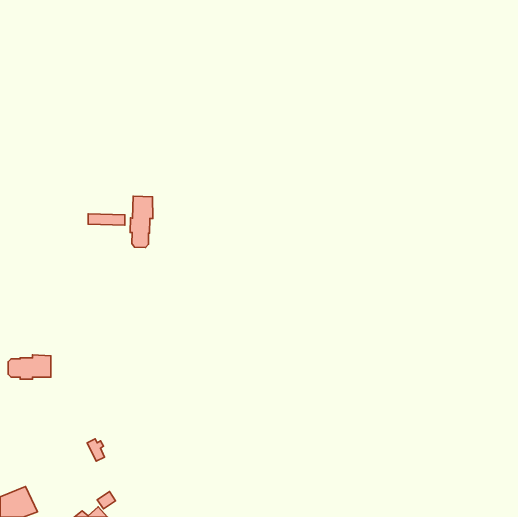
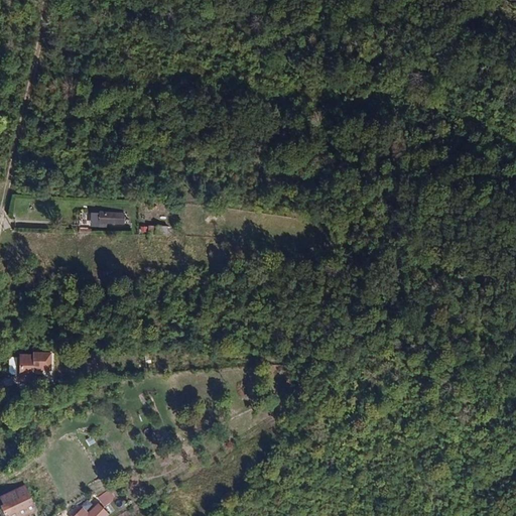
building: [130,196,153,248] -> none

